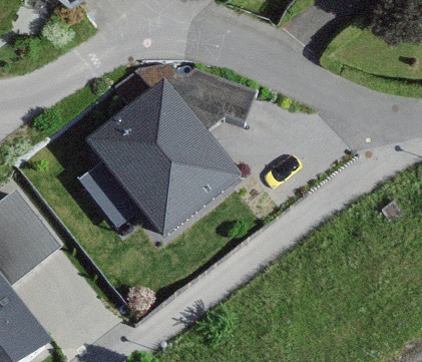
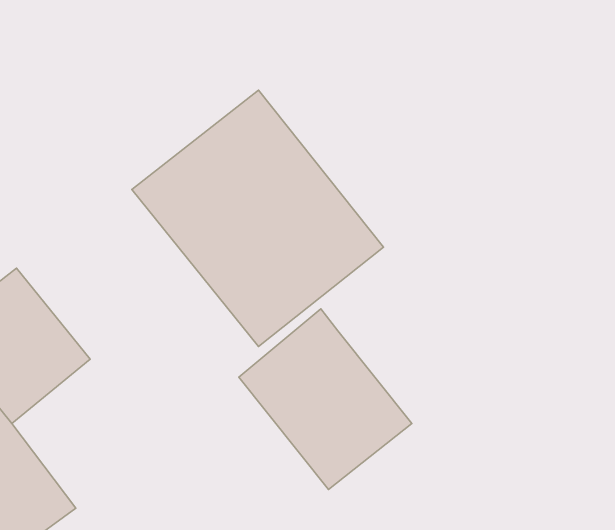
building: none -> [239,309,412,489]

